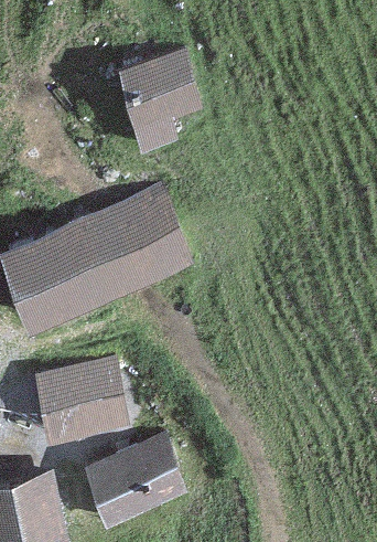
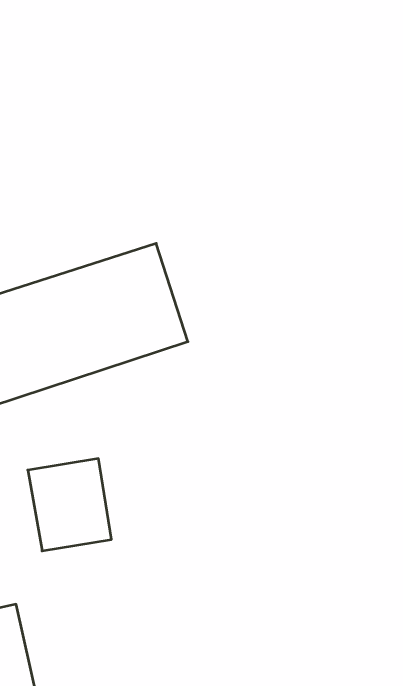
building: [125,61,197,138] -> none
building: [88,439,182,517] -> none

